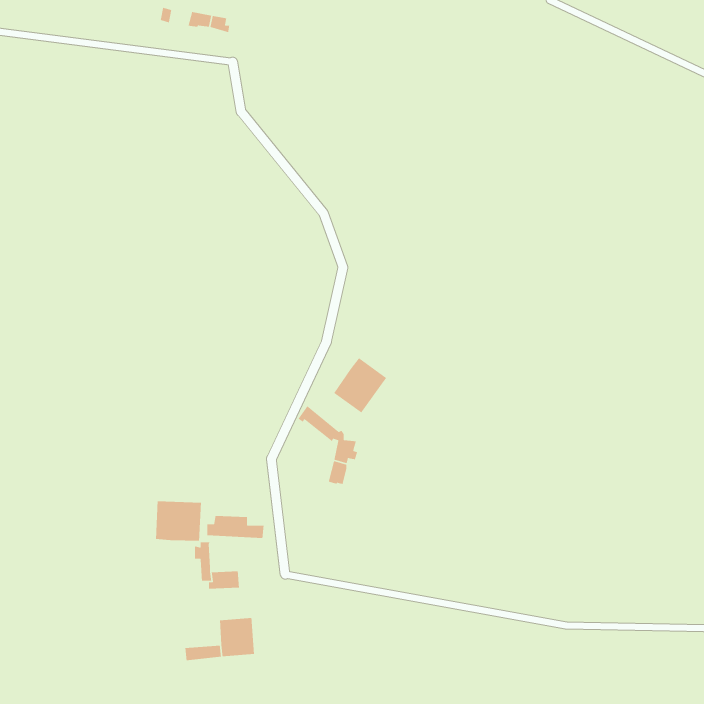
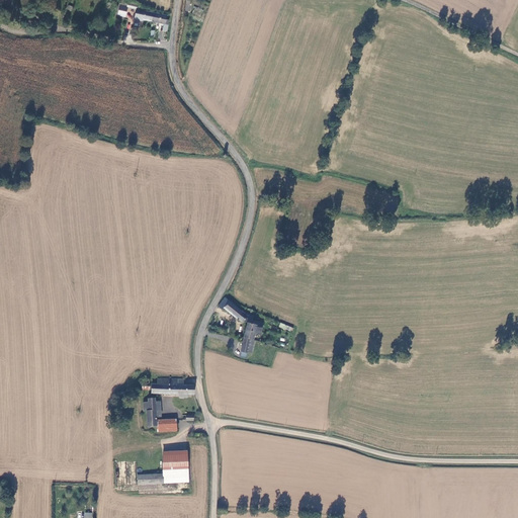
building: [333,357,387,414] -> none
building: [155,500,202,541] -> none

